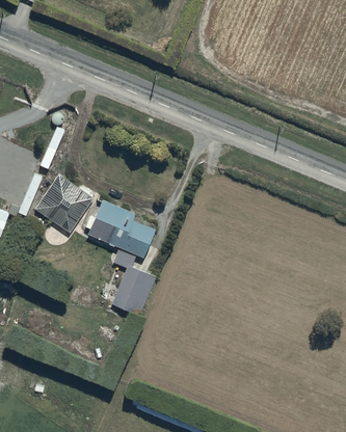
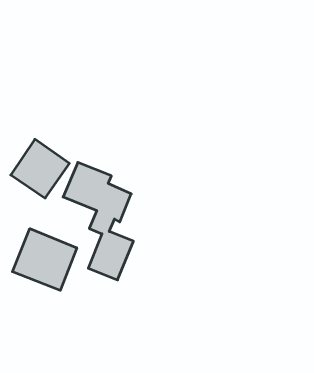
building: none -> [12,229,77,290]

